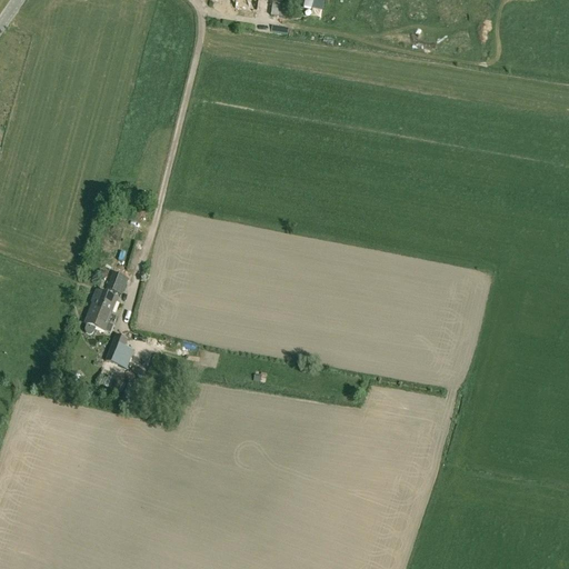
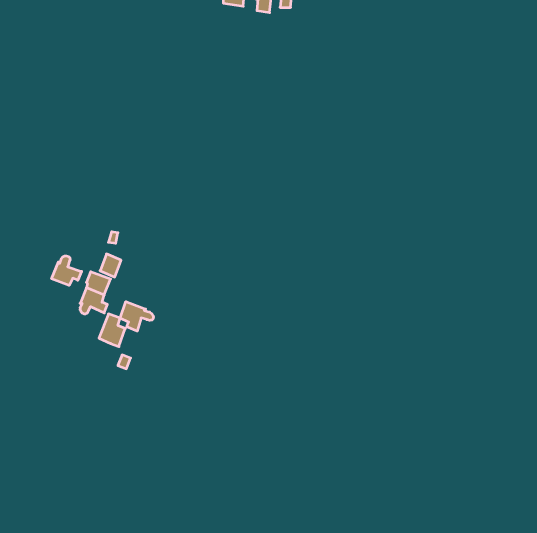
building: none -> [52,256,82,285]
building: none -> [120,302,153,331]

